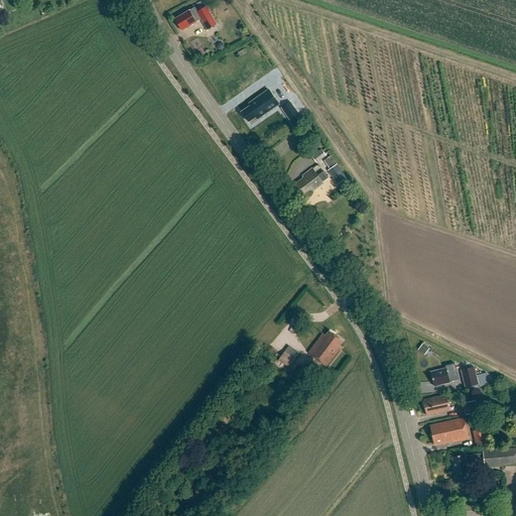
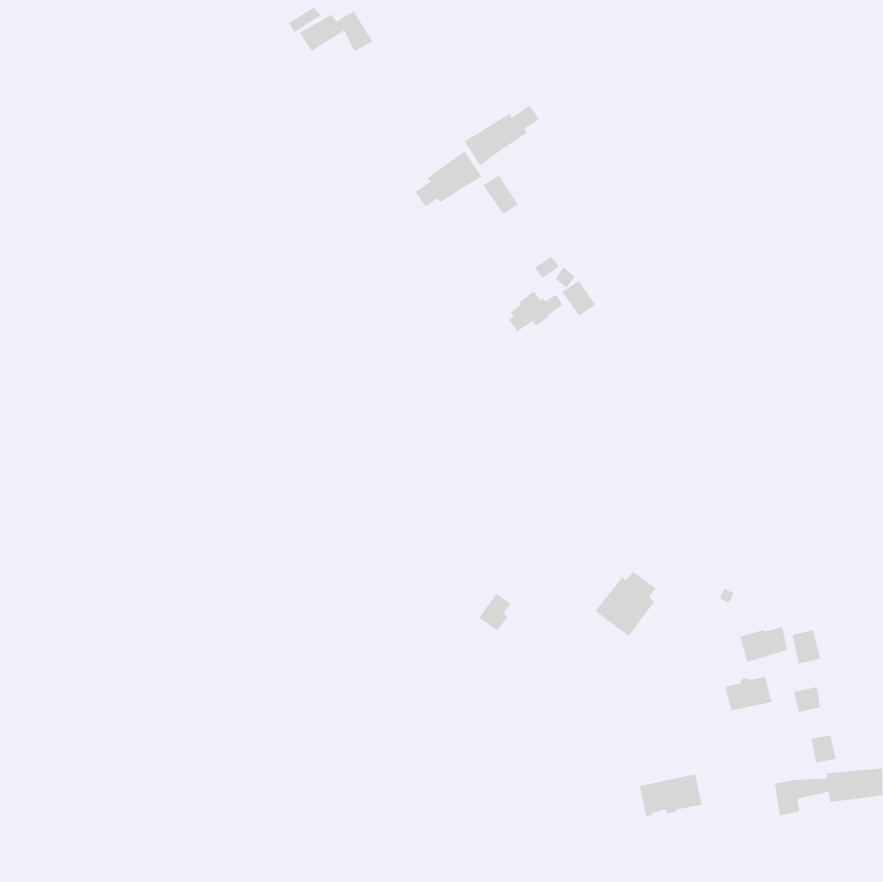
building: none -> [464,105,540,166]
building: [307,330,344,368] -> [594,571,657,637]
building: [430,419,468,444] -> [639,774,703,817]

